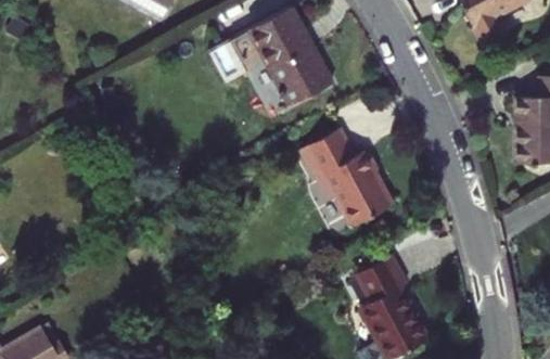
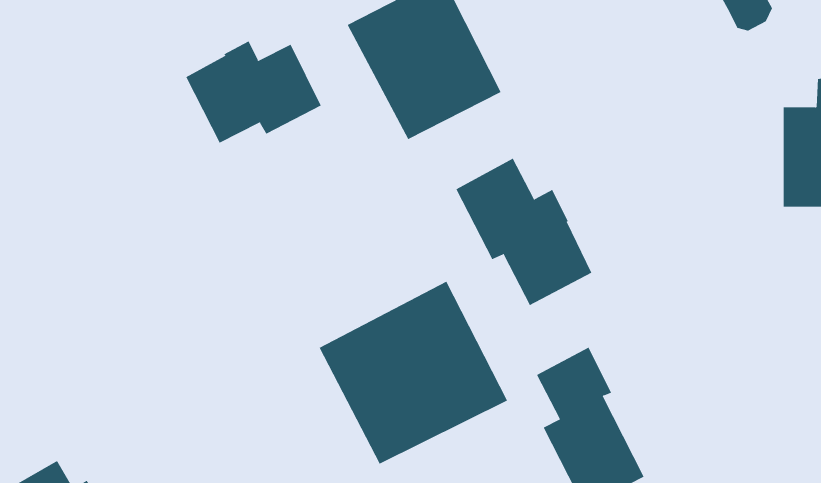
building: none -> [186,41,322,144]
building: none -> [319,281,508,465]

